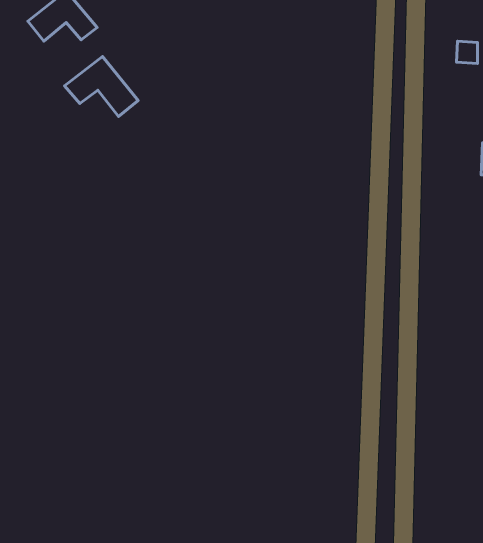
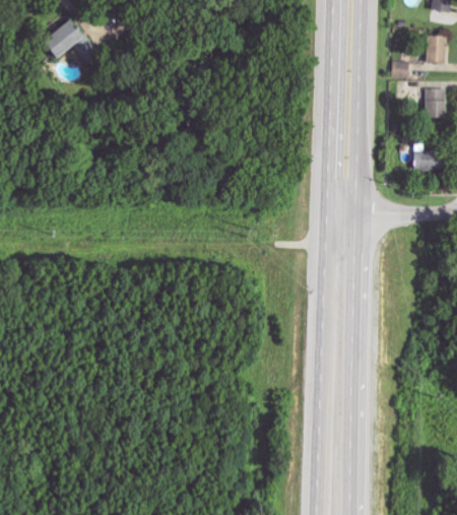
building: [65,56,138,116] -> none

